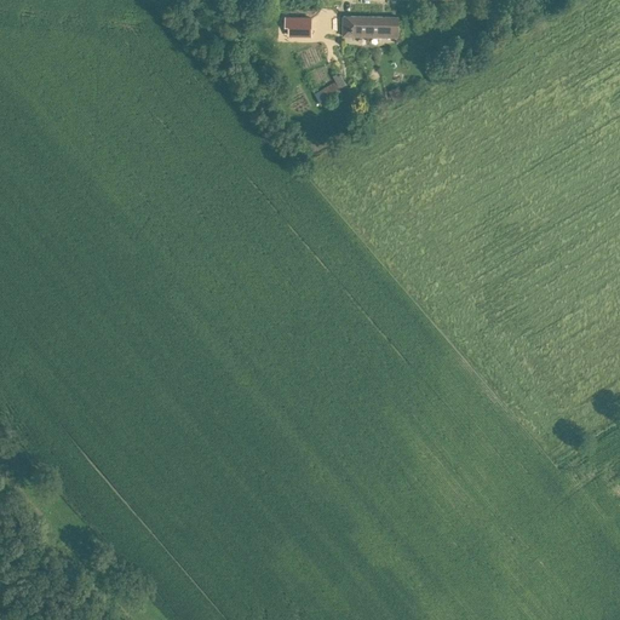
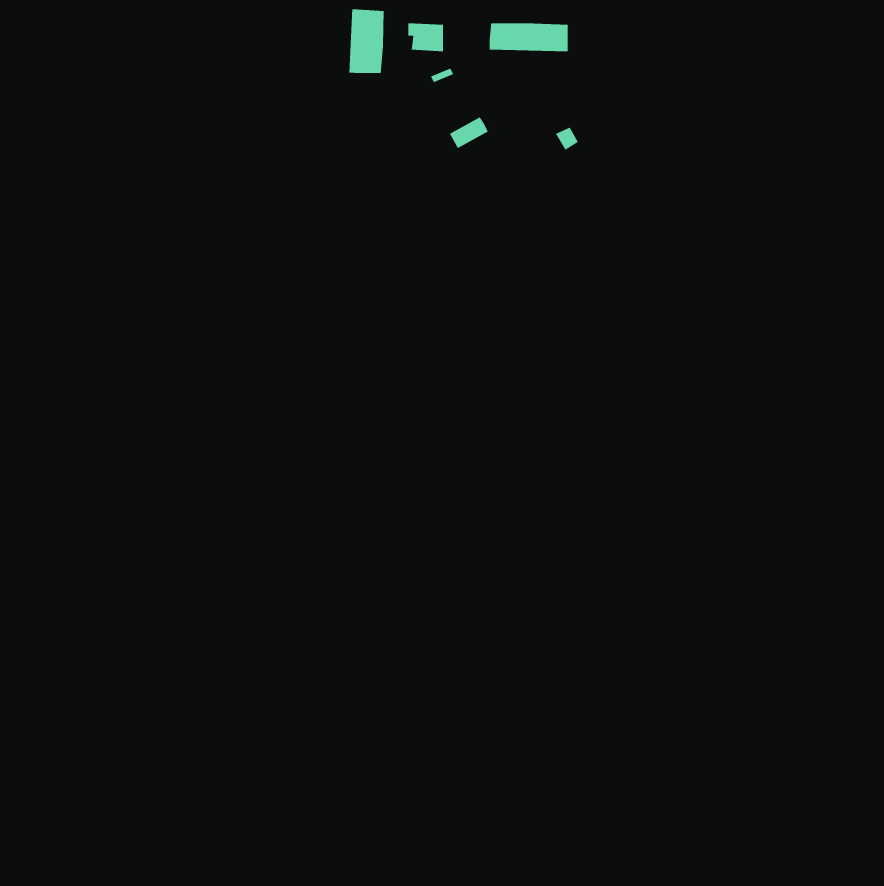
building: none -> [349,8,385,74]

